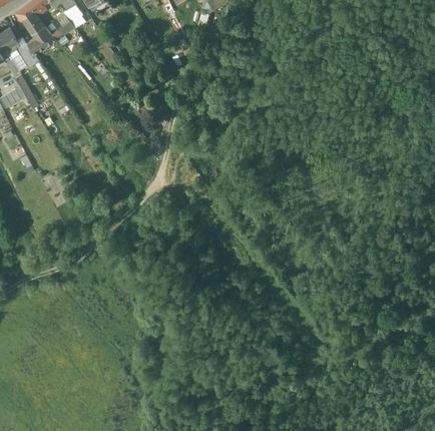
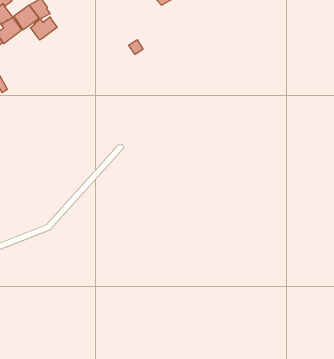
building: none -> [30,17,57,40]

